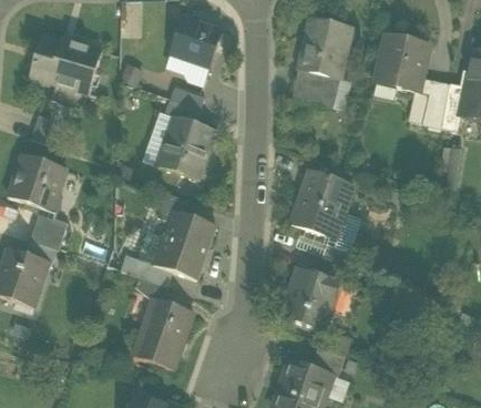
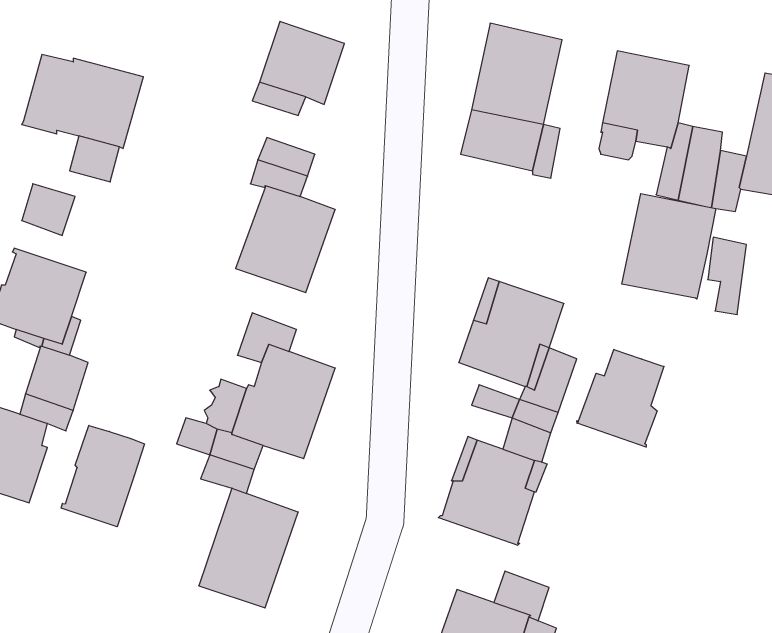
building: none -> [622,194,716,299]
building: none -> [577,349,664,447]
building: none -> [61,425,145,527]

